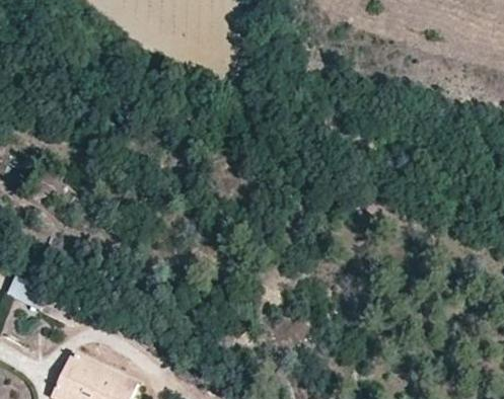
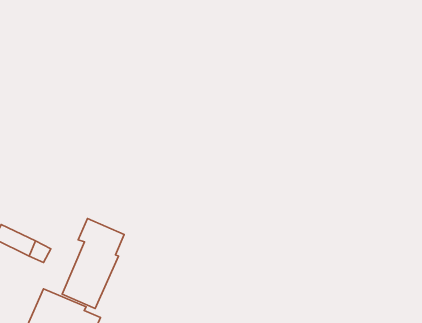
building: none -> [62,219,124,308]

